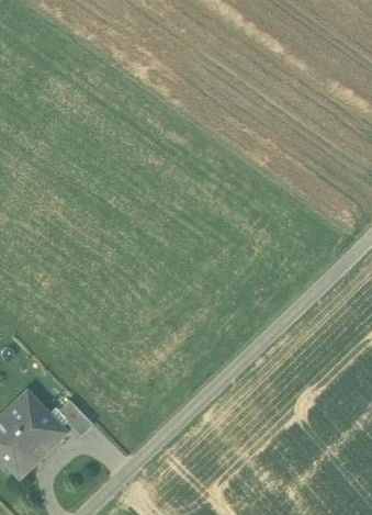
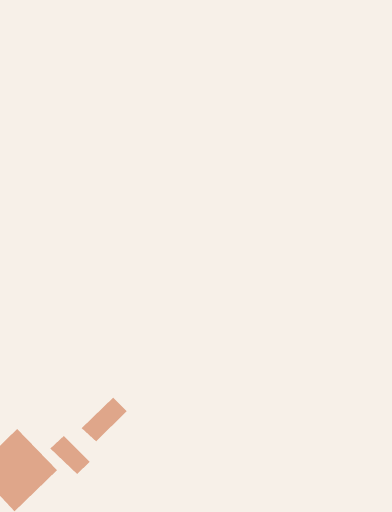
building: none -> [81,397,127,442]

